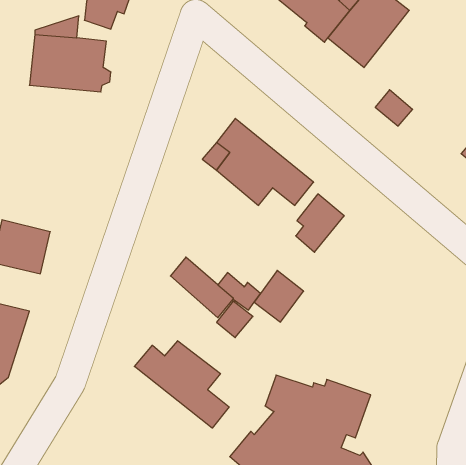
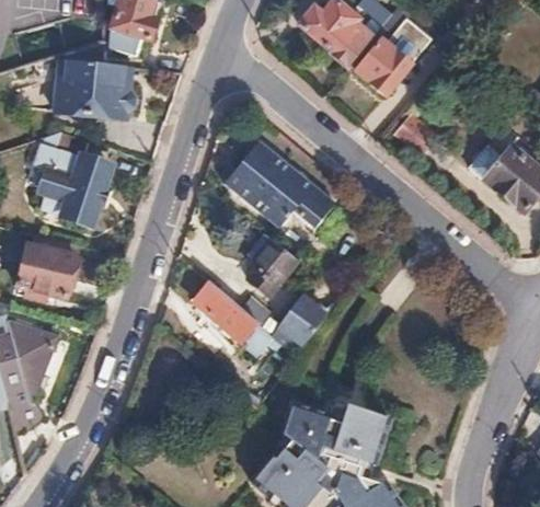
building: none -> [34,132,108,223]
building: [296,194,344,252] -> [248,238,296,296]
building: [134,341,229,428] -> none

